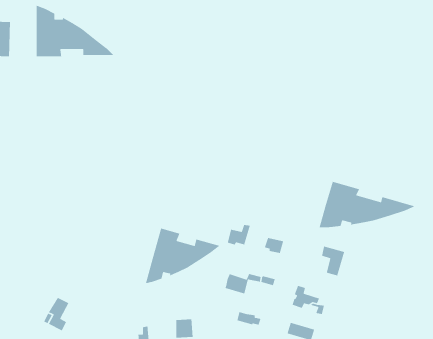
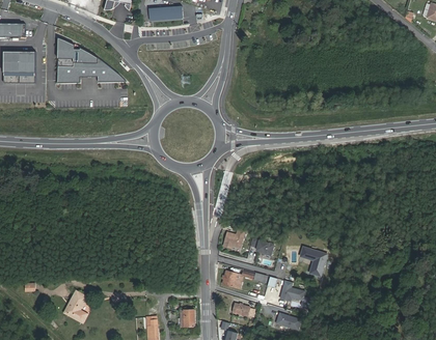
building: [319,181,417,228] -> none
building: [145,228,221,284] -> none

